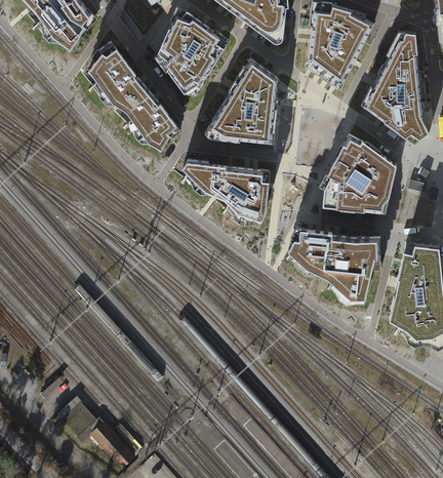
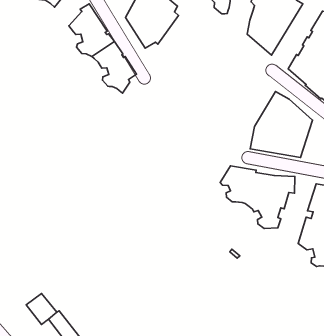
building: [204,59,278,144] -> none
building: [183,160,269,226] -> none

